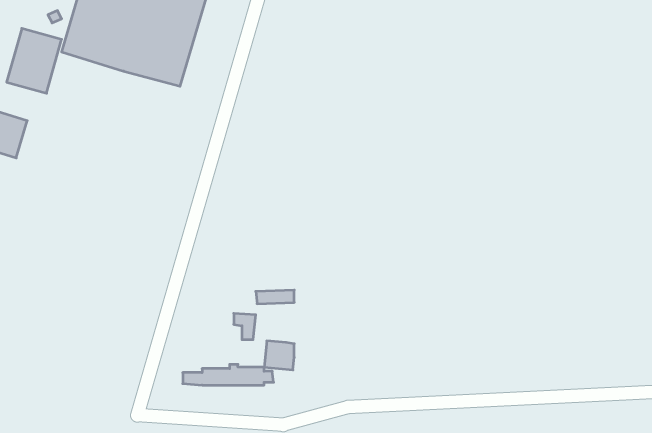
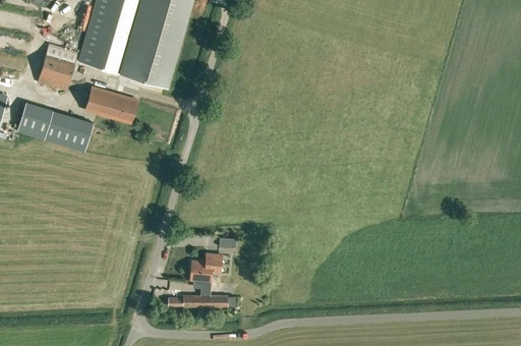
building: none -> [85,86,137,122]
building: none -> [47,118,93,151]
building: [264,341,294,370] -> [189,261,212,282]

